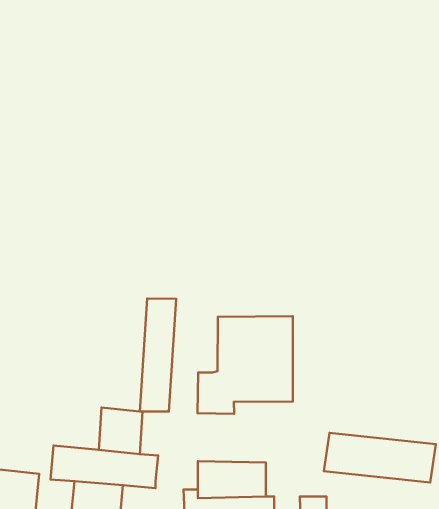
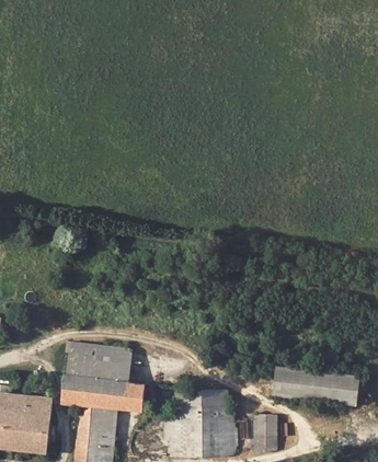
building: [140,298,176,412] -> none
building: [198,316,293,414] -> none
building: none -> [64,343,101,379]

